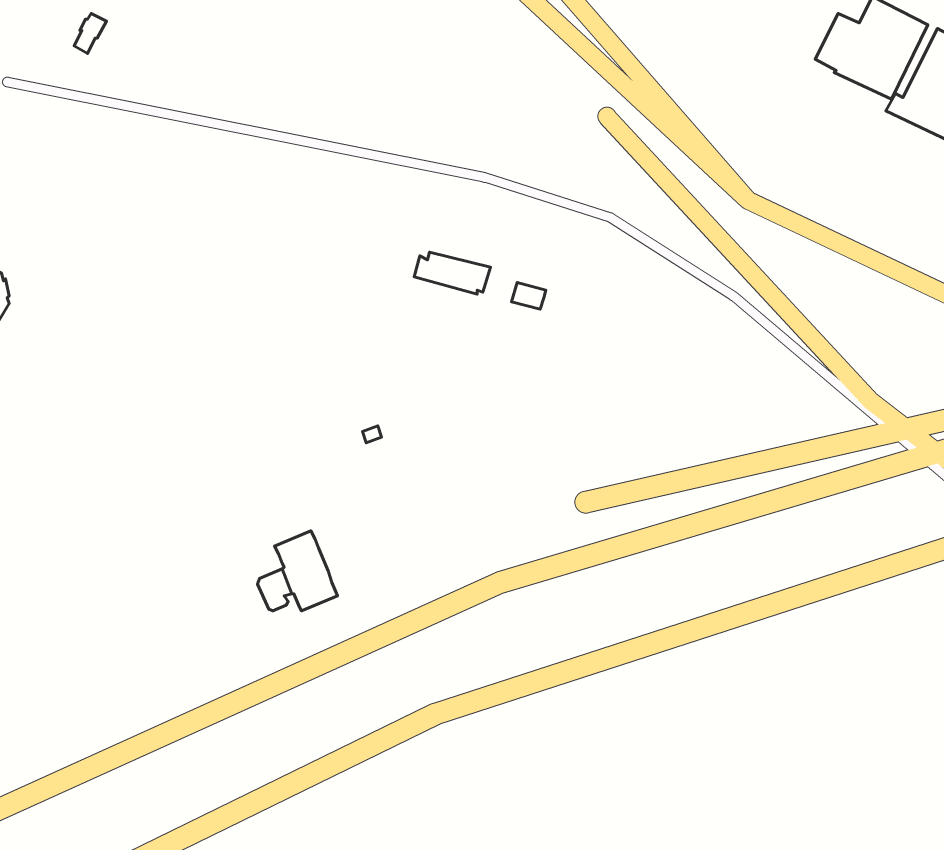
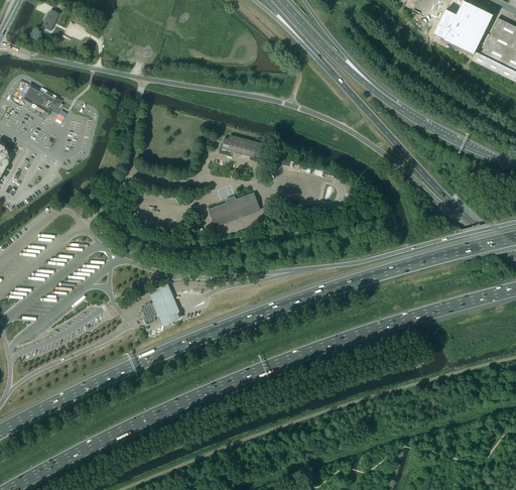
building: none -> [21,85,63,114]
building: none -> [208,192,260,227]

